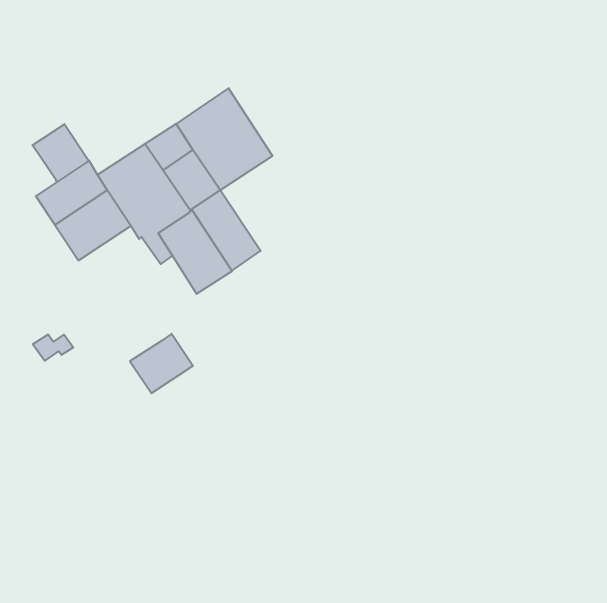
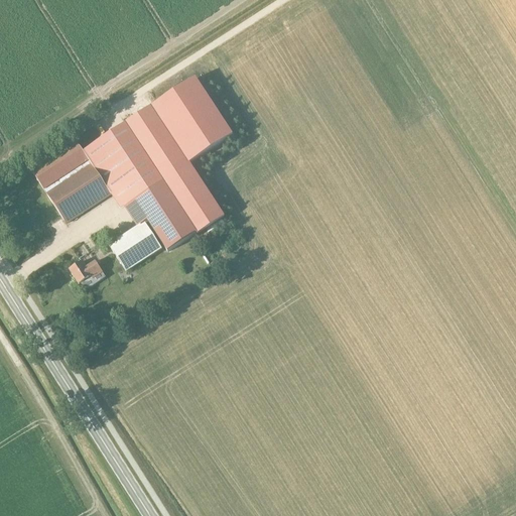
building: [32,124,89,182] -> none
building: [130,334,193,393] -> [109,219,162,269]
building: [33,335,73,361] -> [70,259,104,281]

